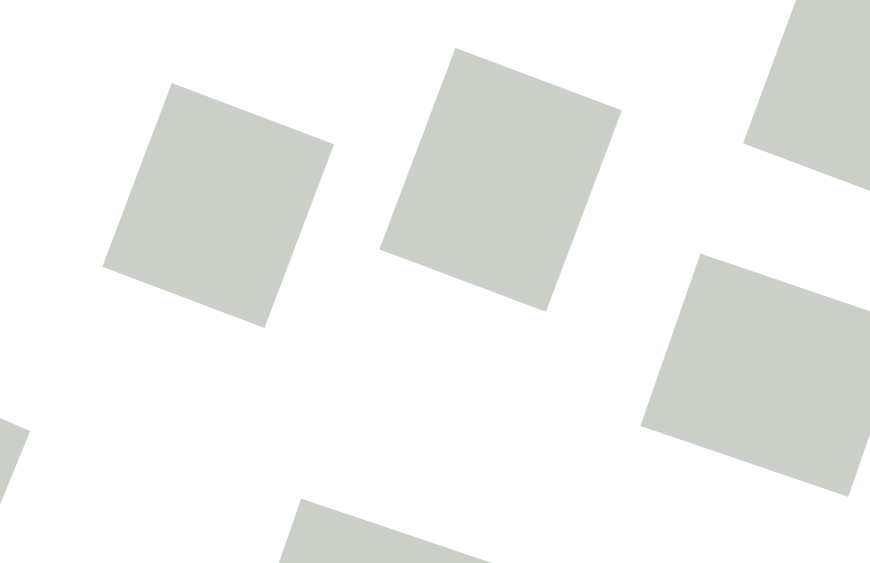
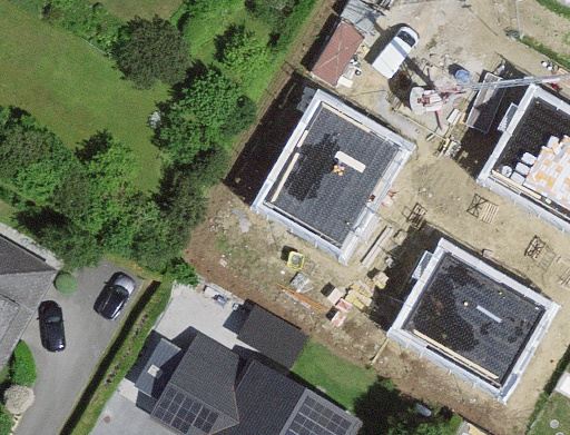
building: [101,82,335,329] -> none

